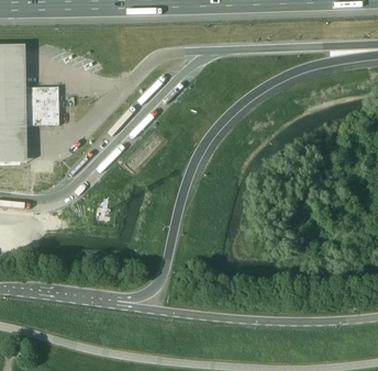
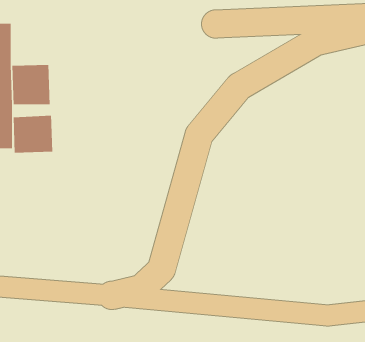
building: none -> [13,115,53,153]

